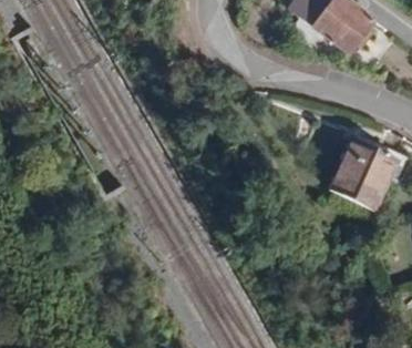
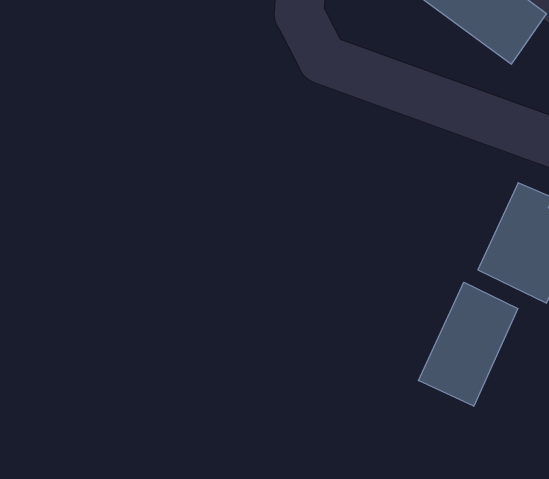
building: none -> [418,282,518,406]

